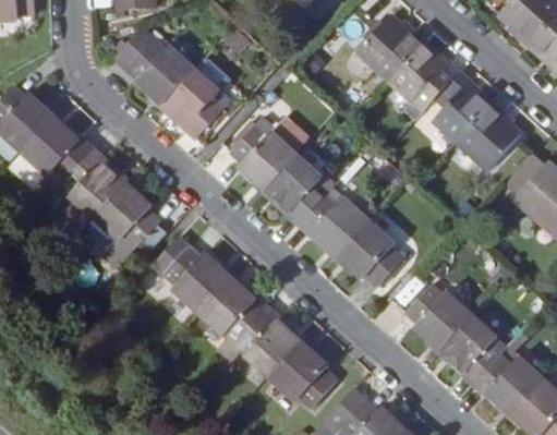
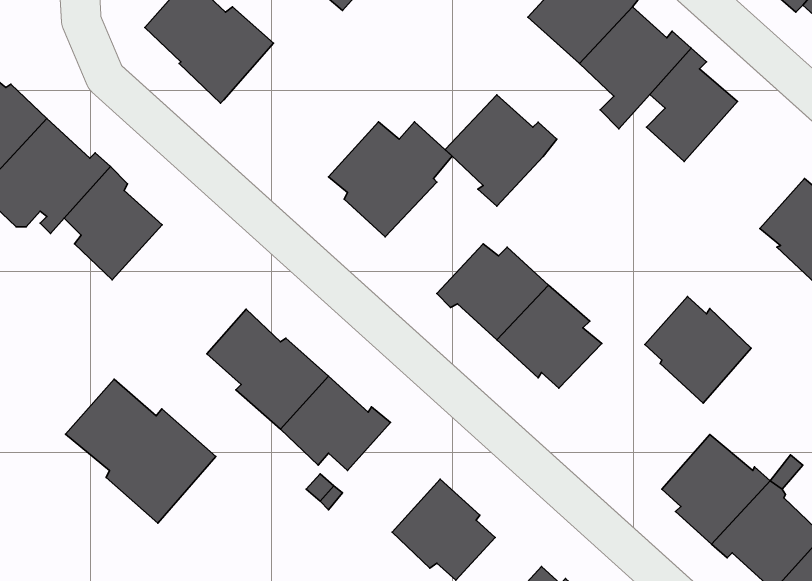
building: [164,67,230,136] -> none
building: [456,99,521,170] -> none
building: [266,155,337,226] -> [445,95,557,206]
building: [93,182,160,247] -> none
building: none -> [65,379,216,523]
building: [404,282,472,350] -> [645,297,751,403]
building: [242,307,301,377] -> none

